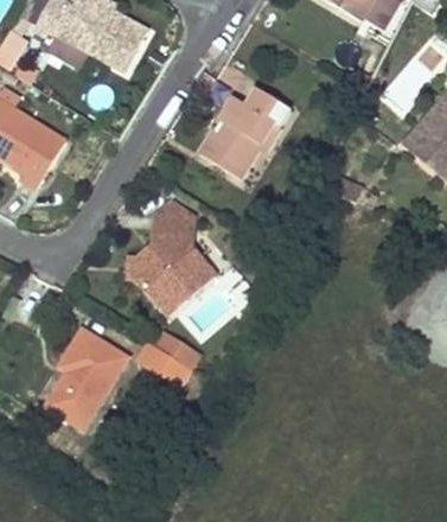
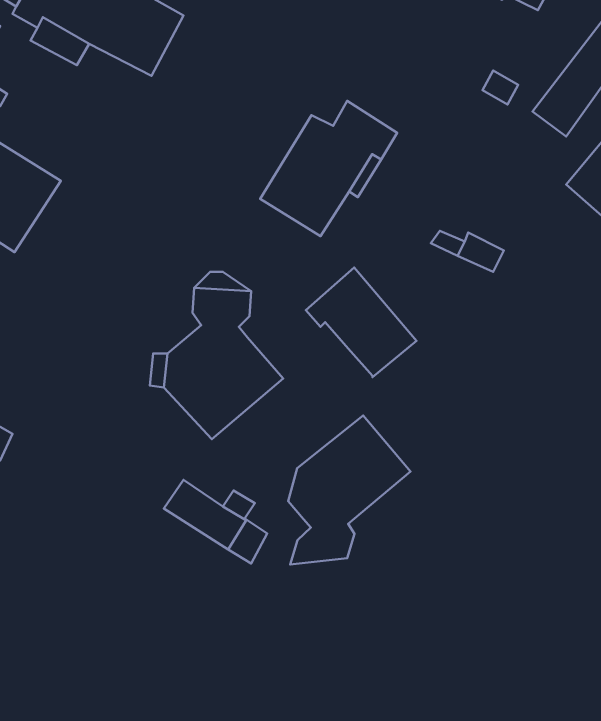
building: none -> [306,267,416,377]
building: none -> [288,415,411,564]
building: [45,329,128,428] -> none

